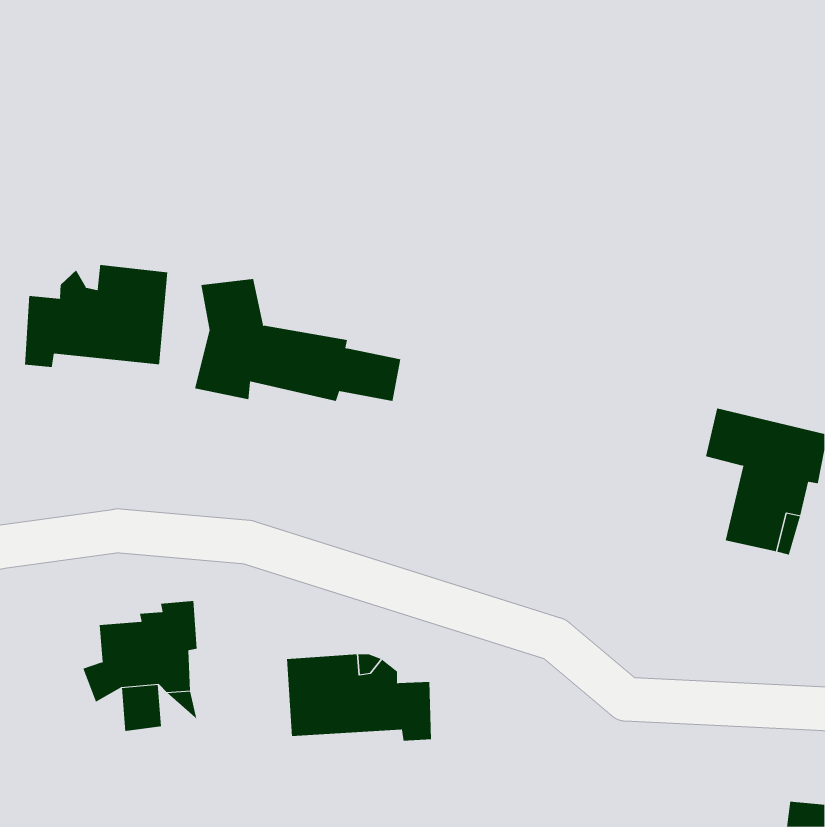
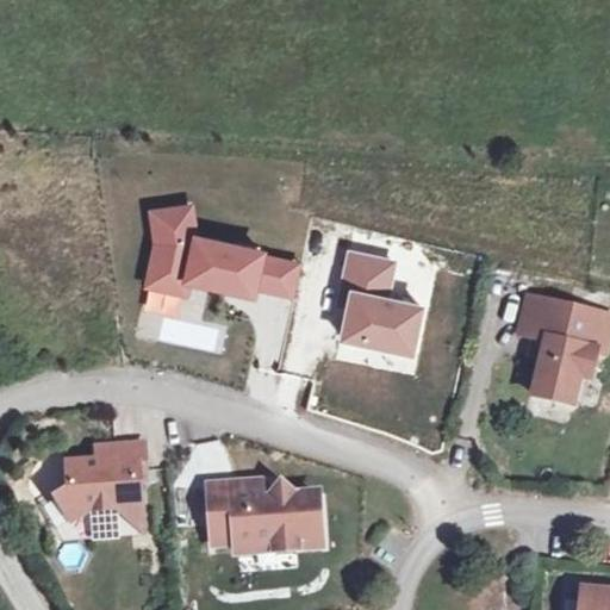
building: [24,264,168,368] -> none
building: none -> [332,249,413,349]

